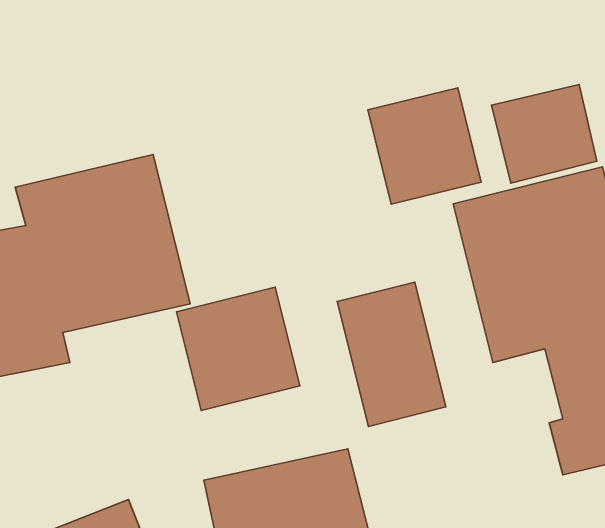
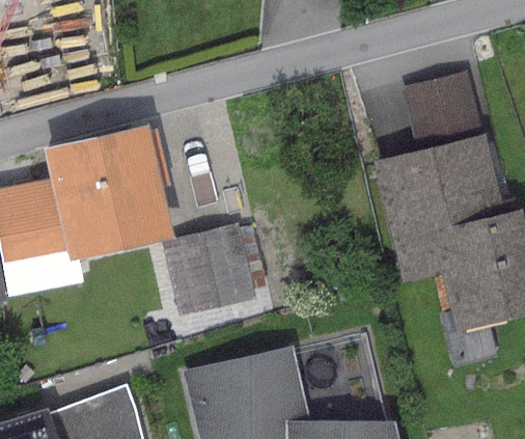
building: [368,88,481,204] -> none
building: [337,282,446,426] -> none

